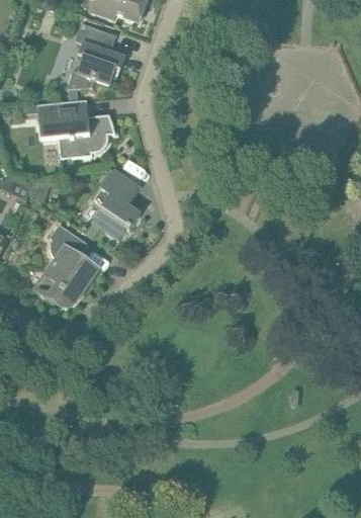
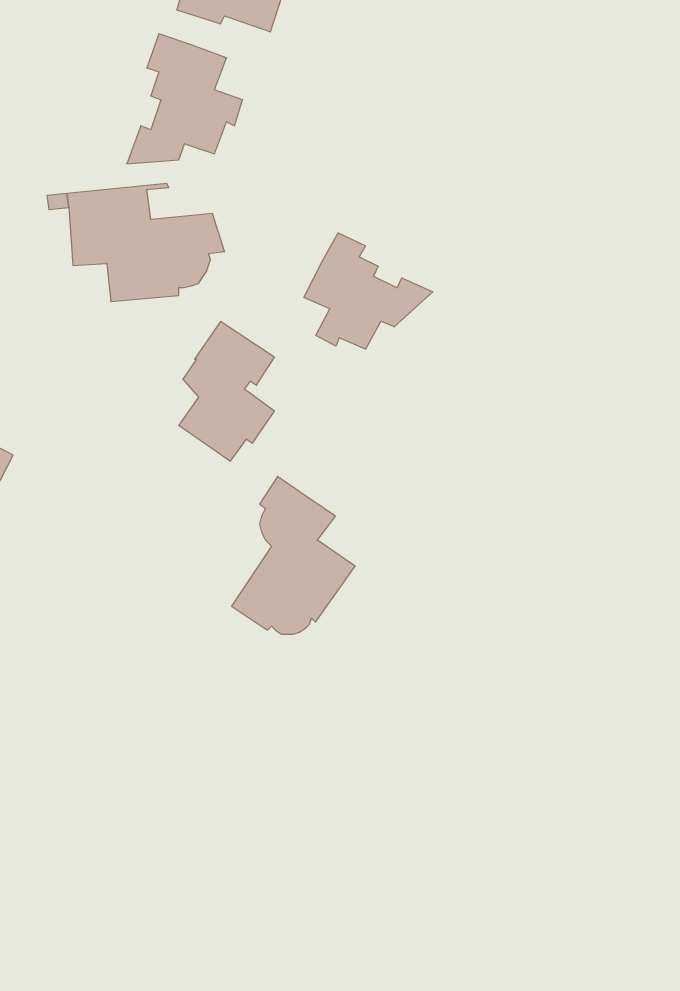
building: none -> [304,233,433,349]
building: [35,224,98,304] -> [232,476,355,634]

